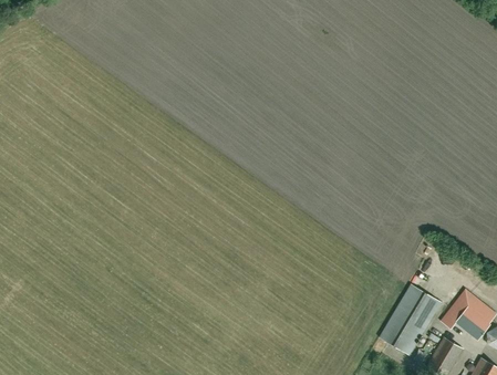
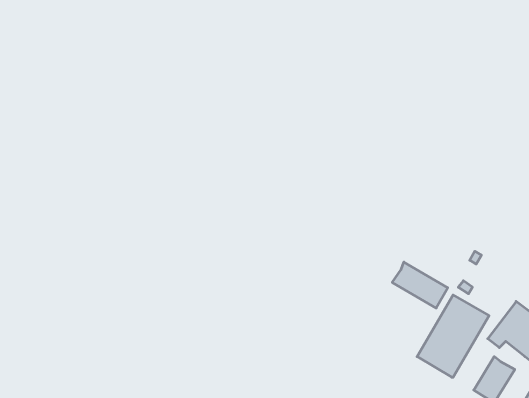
building: none -> [392,262,448,308]

